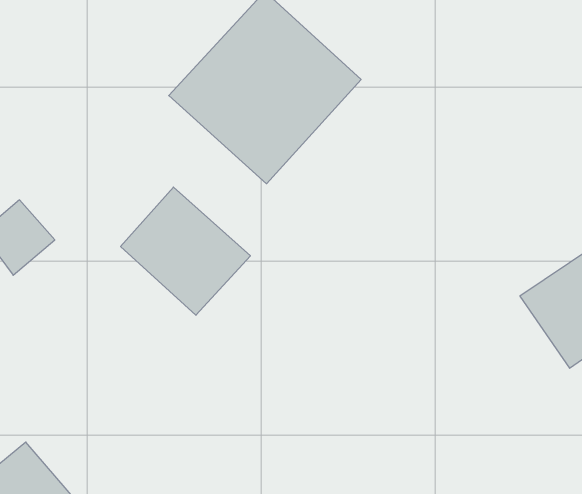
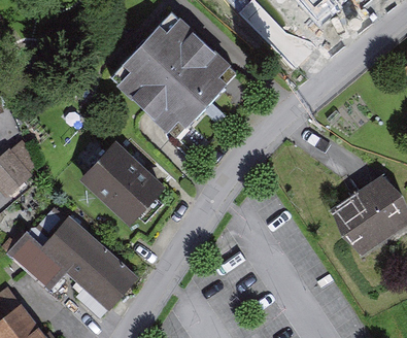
building: none -> [12,214,139,314]

